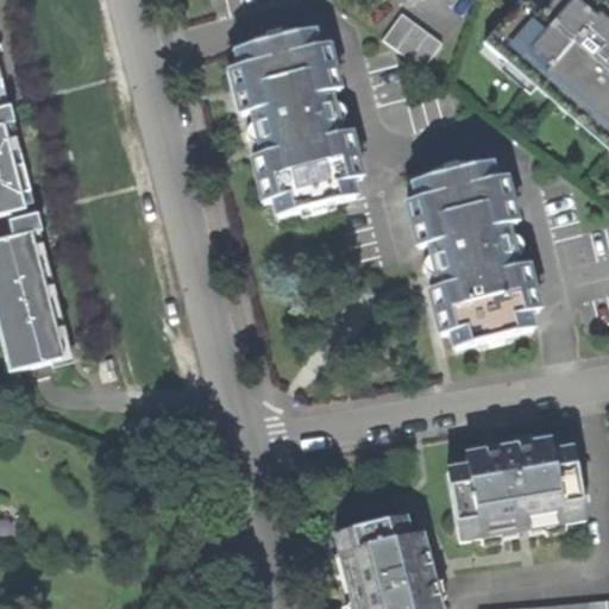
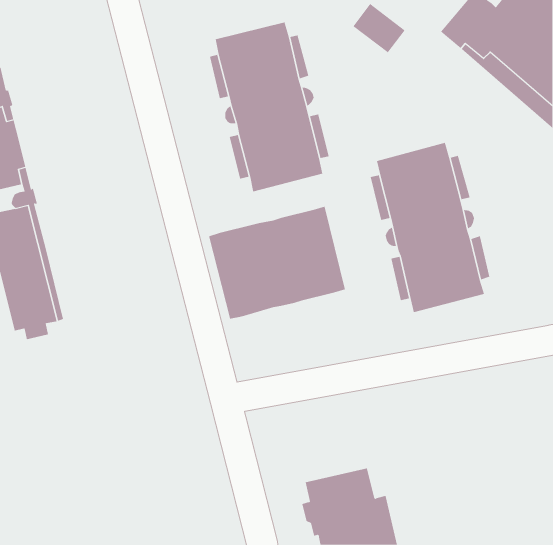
building: none -> [208,206,345,319]
building: [445,437,584,540] -> none

